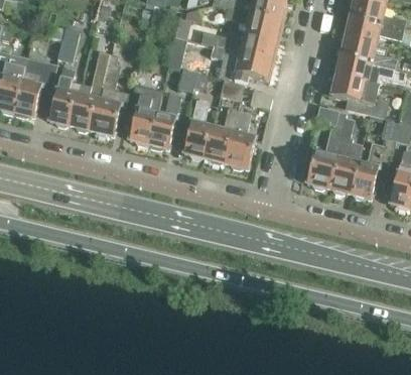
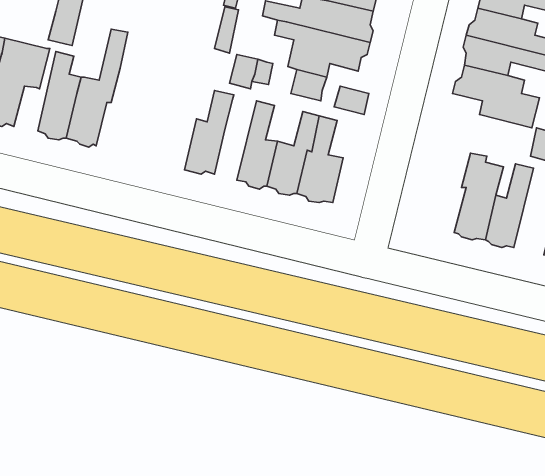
building: [89,52,128,135] -> none
building: [125,82,162,145] -> none
building: [306,105,346,188] -> none

